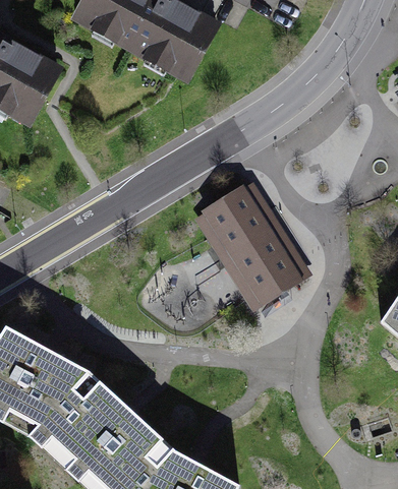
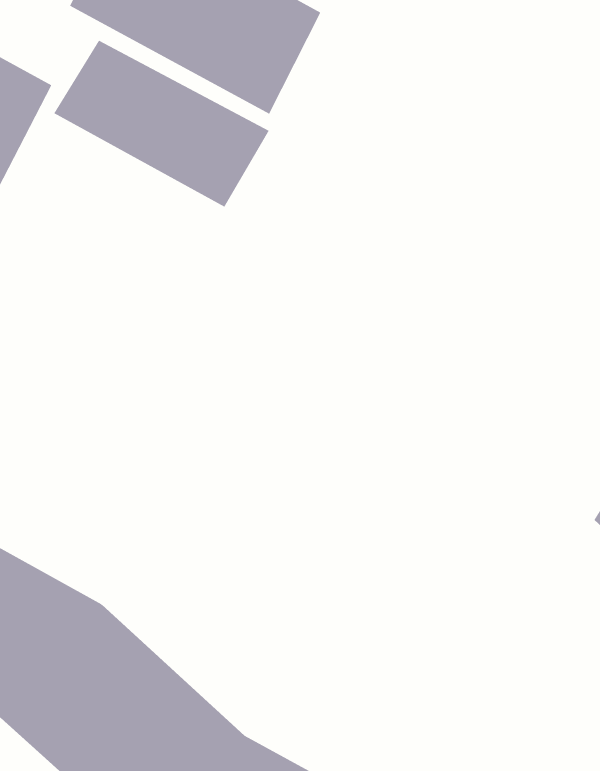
building: none -> [53,40,270,207]
building: [194,181,312,311] -> none

